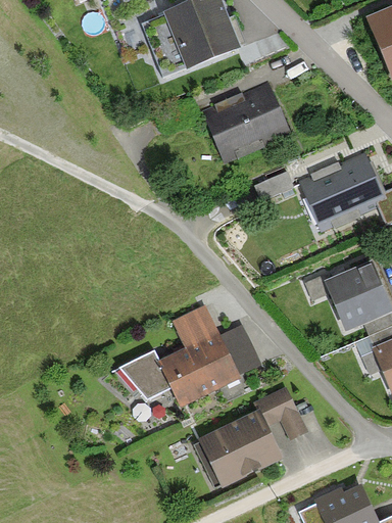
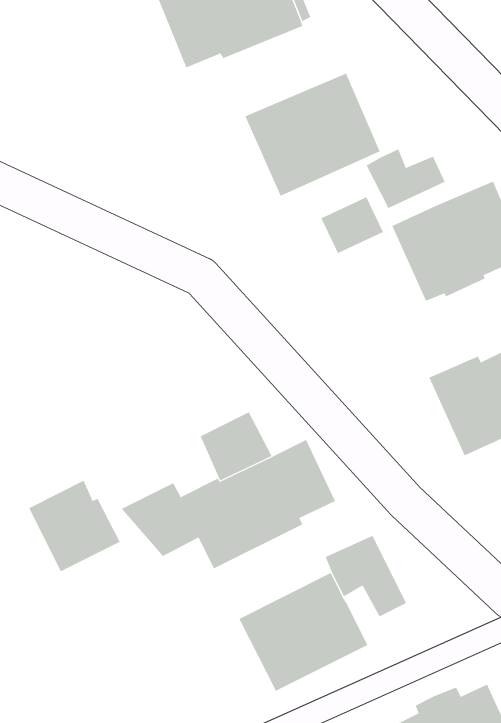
building: none -> [366,149,445,209]
building: none -> [29,480,121,572]

